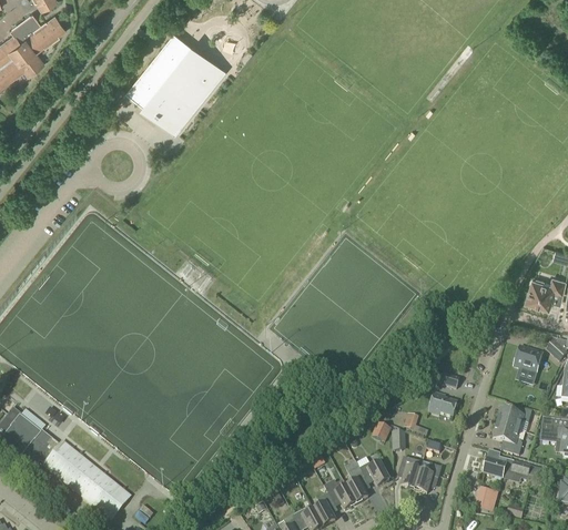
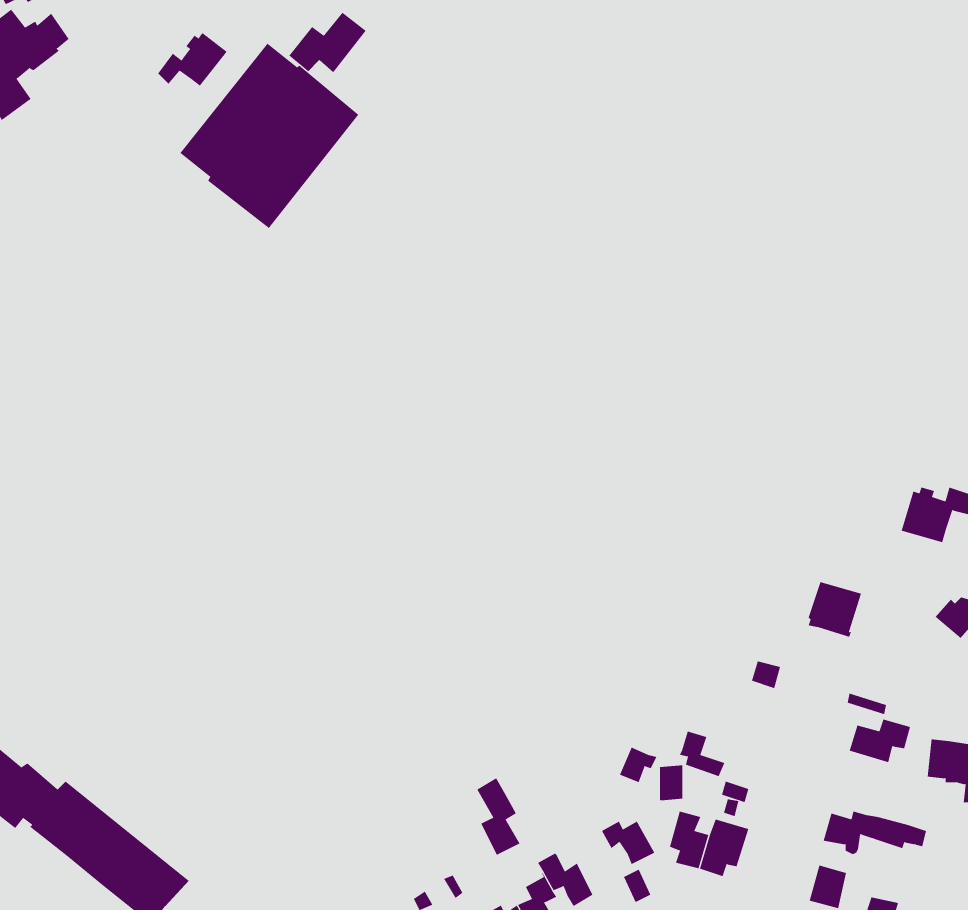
building: none -> [289,12,367,73]
building: none -> [158,32,228,87]
building: [513,346,542,377] -> [808,582,862,638]
building: [428,393,457,416] -> none
building: [493,424,523,455] -> none
building: [344,460,368,503] -> [476,778,520,856]

